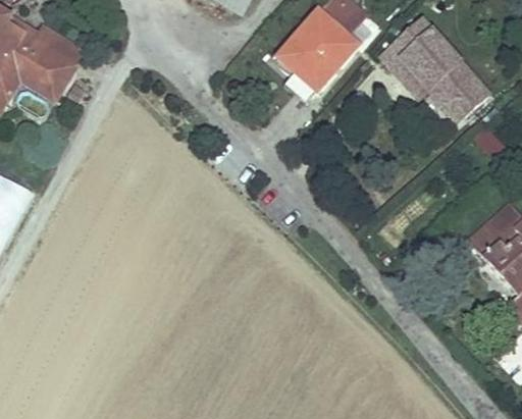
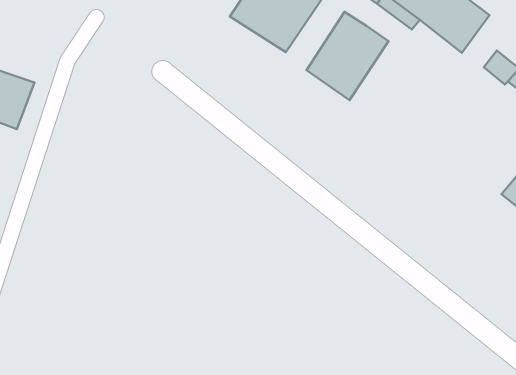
building: none -> [306,12,388,100]

